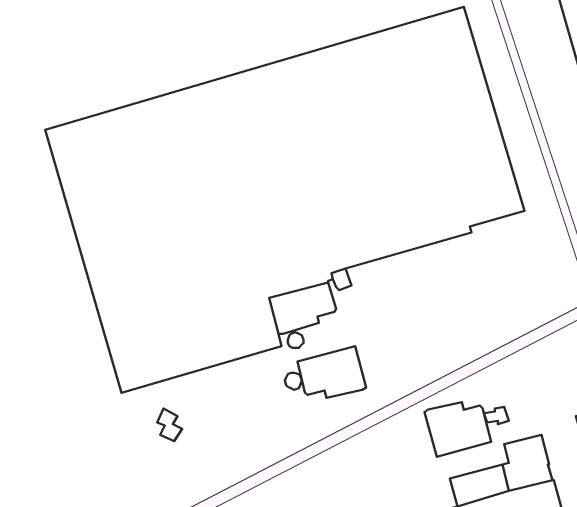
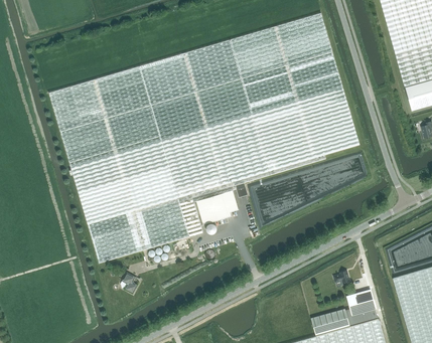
building: [297,346,366,398] -> none
building: [424,402,491,457] -> none

